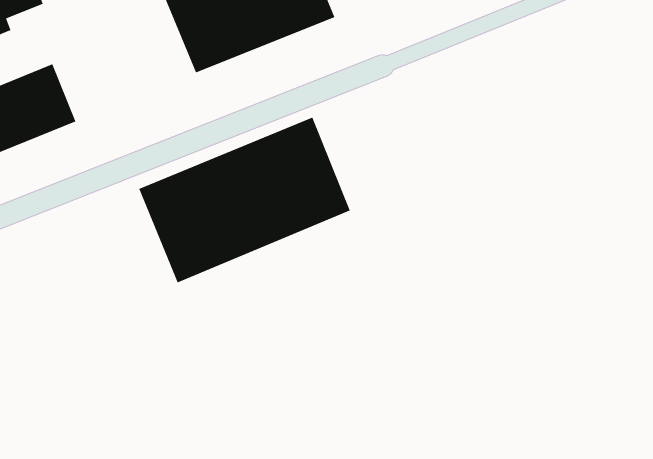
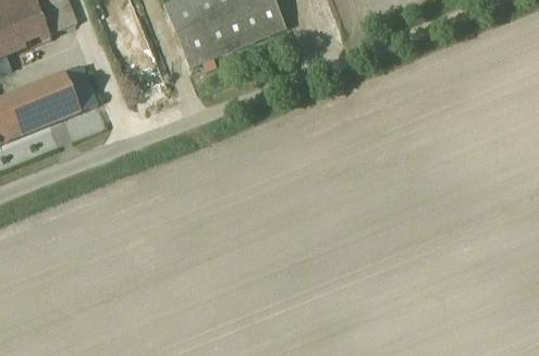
building: [138,117,351,284] -> none

